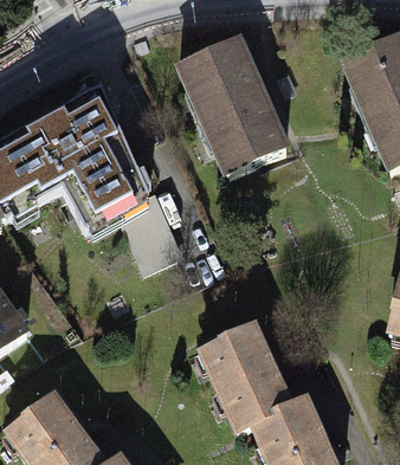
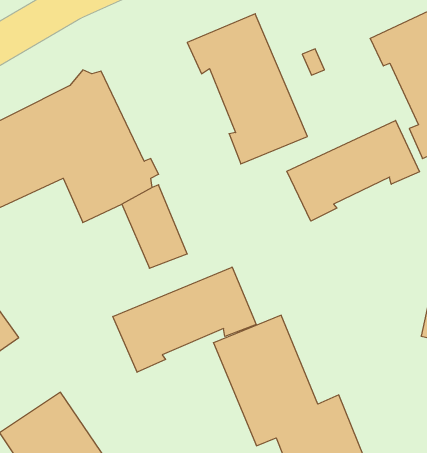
building: none -> [287,120,420,221]
building: none -> [113,267,256,372]

